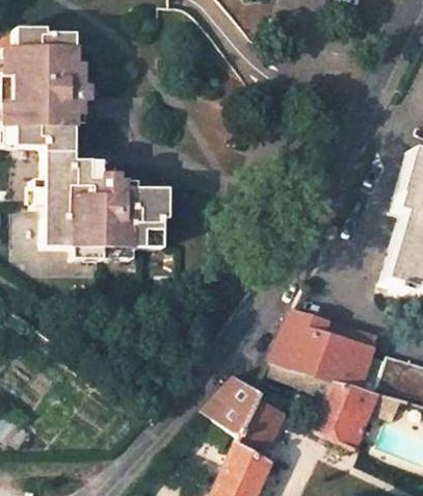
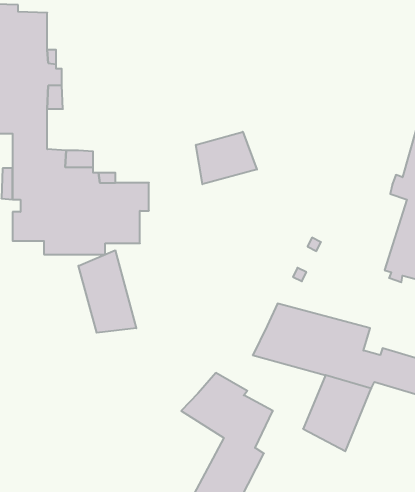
building: none -> [196,132,257,184]
building: none -> [78,250,136,333]

